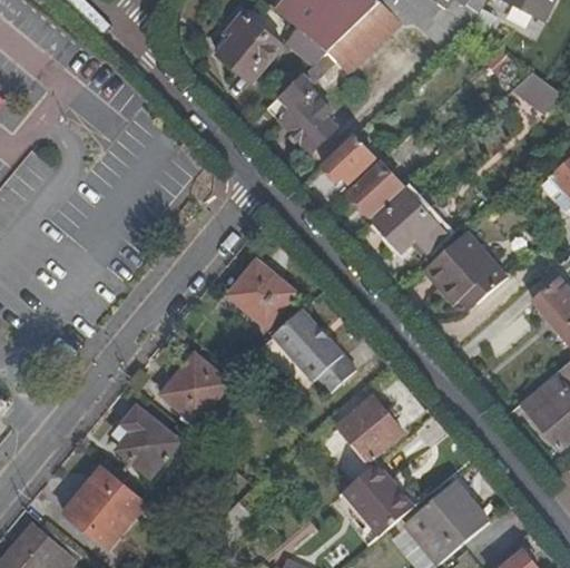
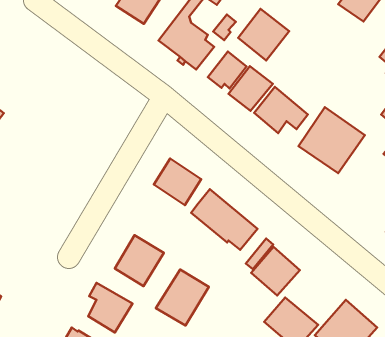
building: none -> [238,9,289,61]
building: none -> [156,270,209,325]

